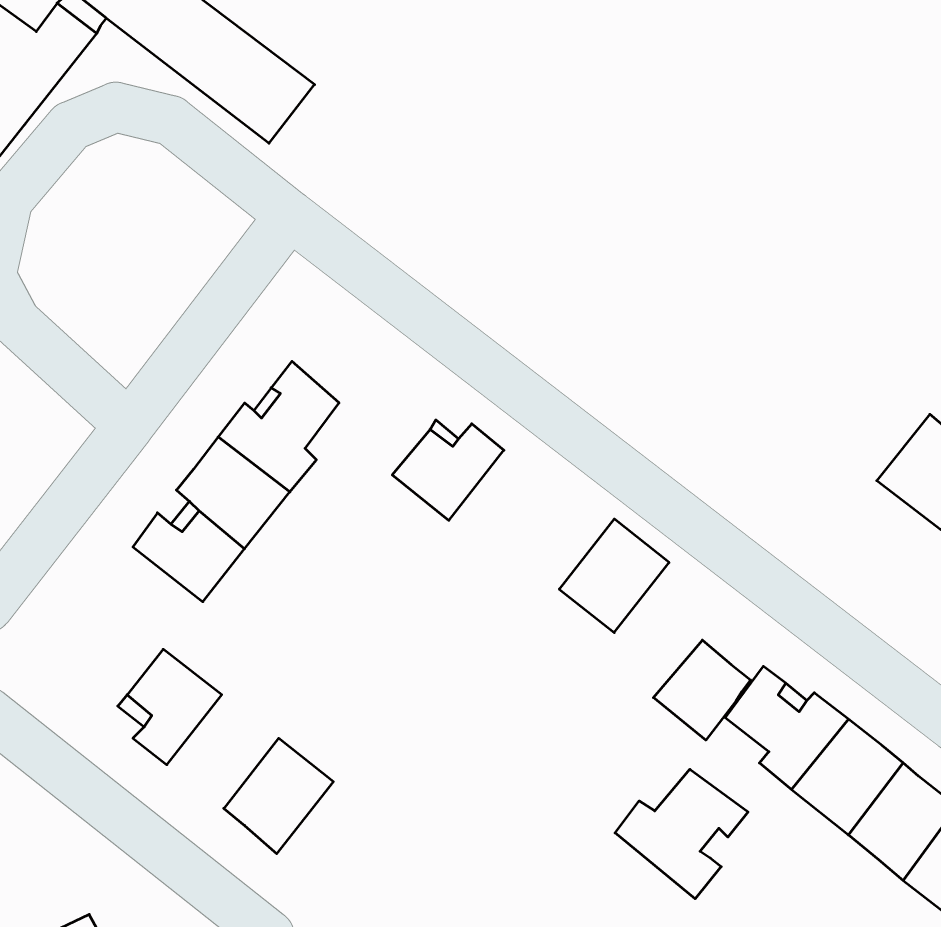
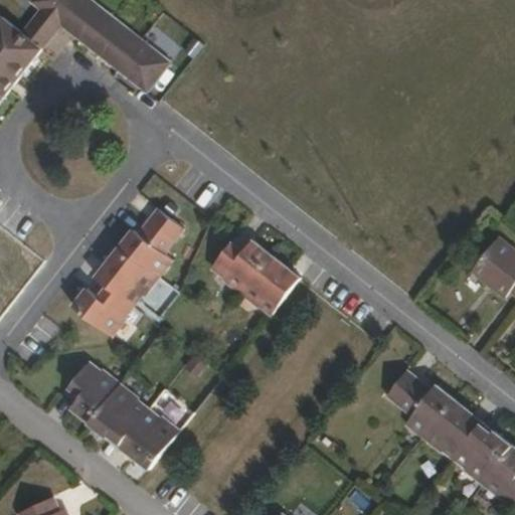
building: [559,519,669,633] -> [240,254,299,315]
building: [653,640,751,740] -> none
building: none -> [91,384,150,445]
building: [615,769,748,899] -> none

